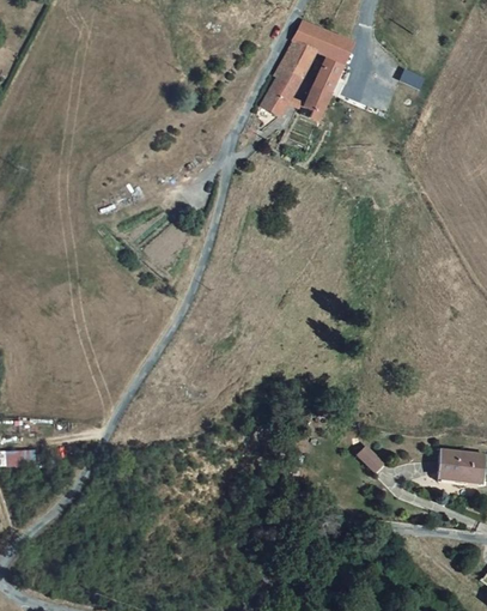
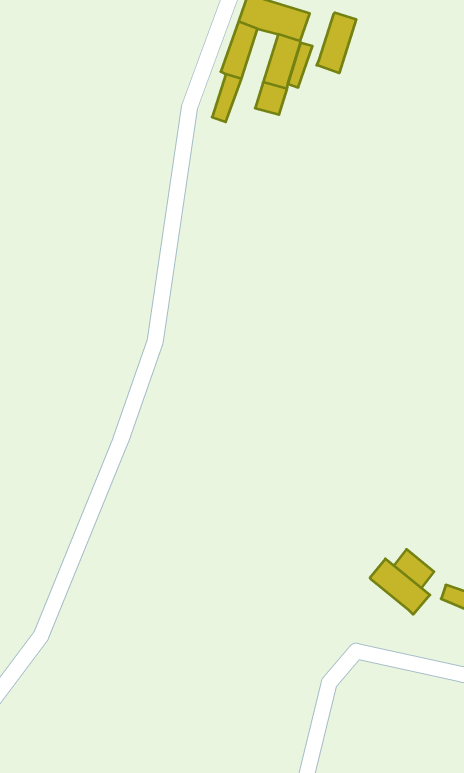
building: none -> [317,13,356,73]
building: none -> [370,559,430,614]

